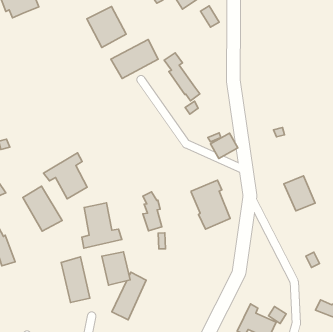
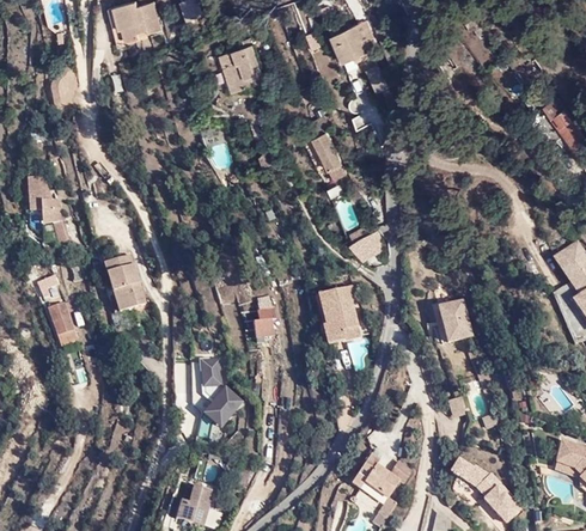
building: [111,40,158,79] -> none
building: [44,153,87,199] -> none
building: [82,203,122,248] -> none
building: [61,257,90,302] -> none

